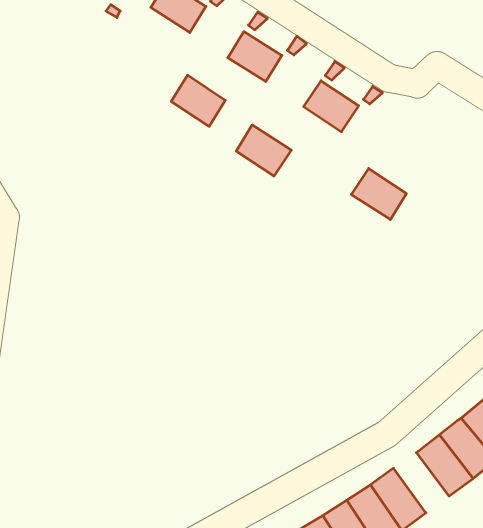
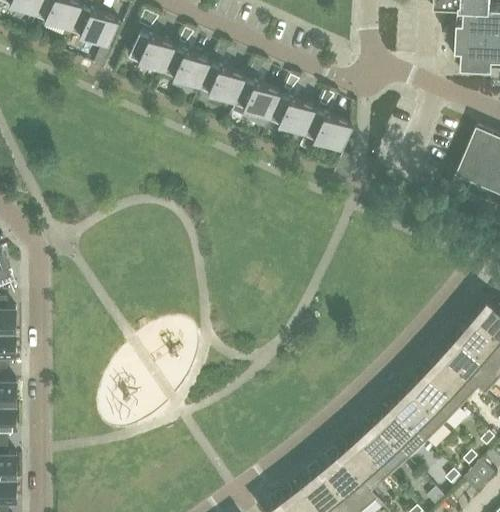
building: [171,75,225,126] -> [165,47,210,87]
building: [236,125,291,176] -> [235,78,281,118]
building: [351,168,406,220] -> [305,110,351,150]
building: none -> [393,393,443,442]

